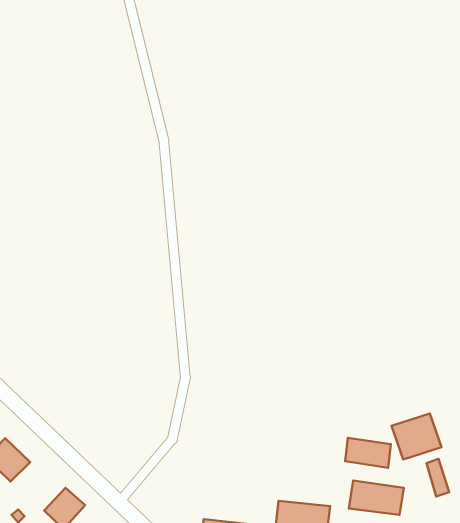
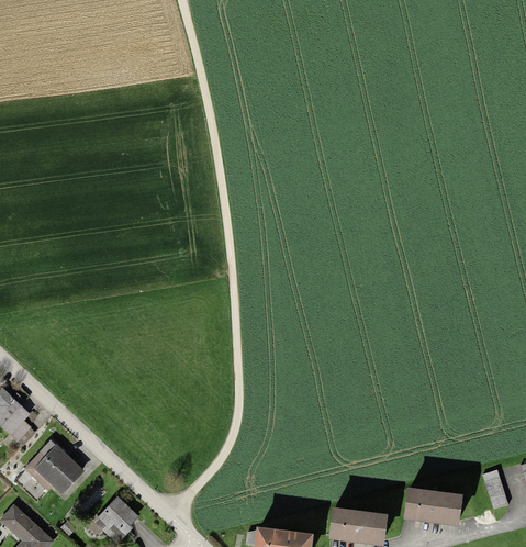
building: [391,413,442,459] -> none
building: [345,438,391,468] -> none

